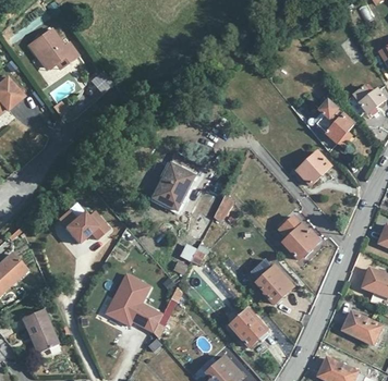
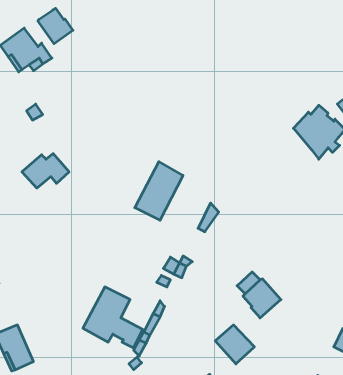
building: none -> [38,8,73,44]
building: [296,151,330,185] -> none
building: [63,210,108,243] -> [22,154,69,188]
building: [280,216,318,258] -> none

